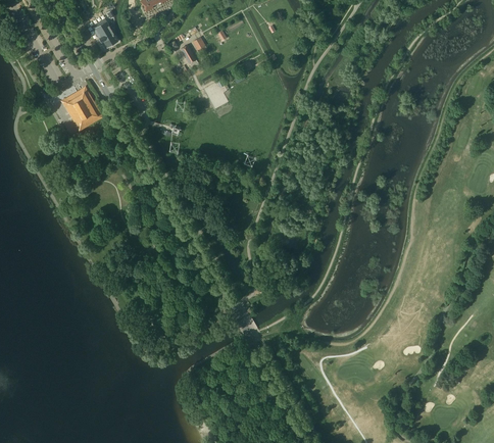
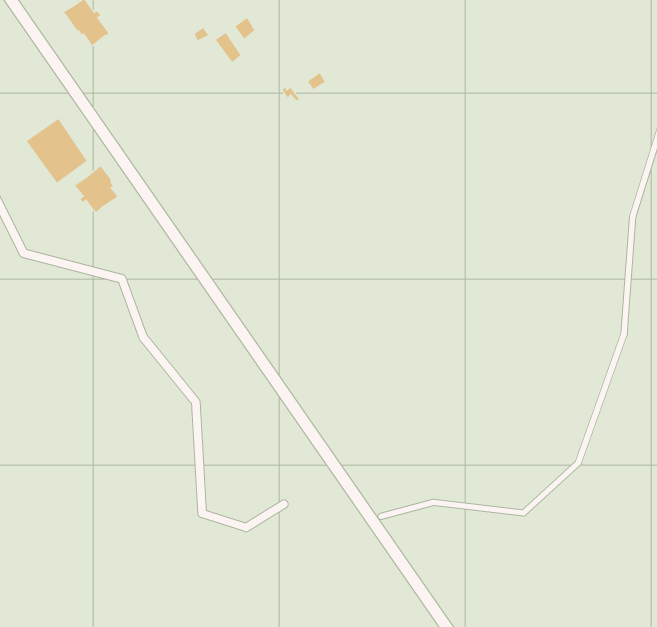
building: none -> [74,165,118,213]

